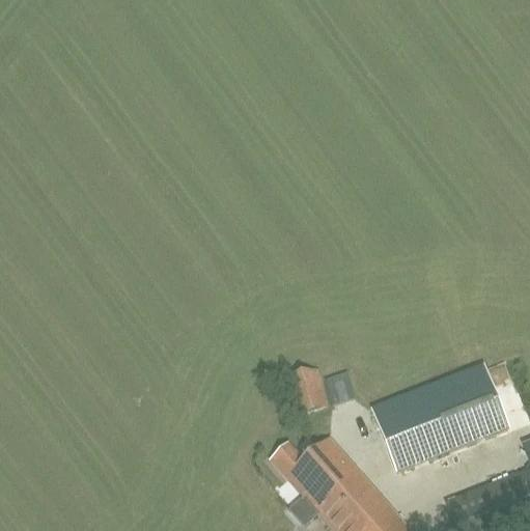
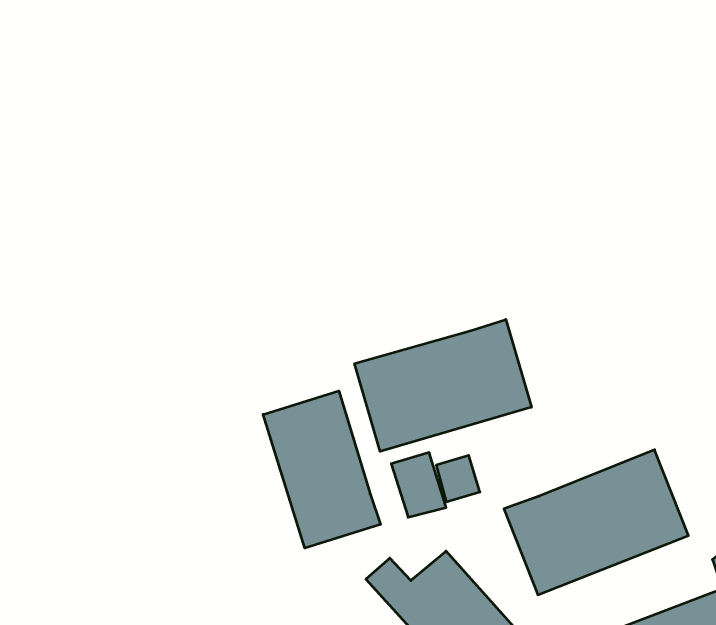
building: none -> [355,319,531,451]
building: none -> [263,391,381,548]

